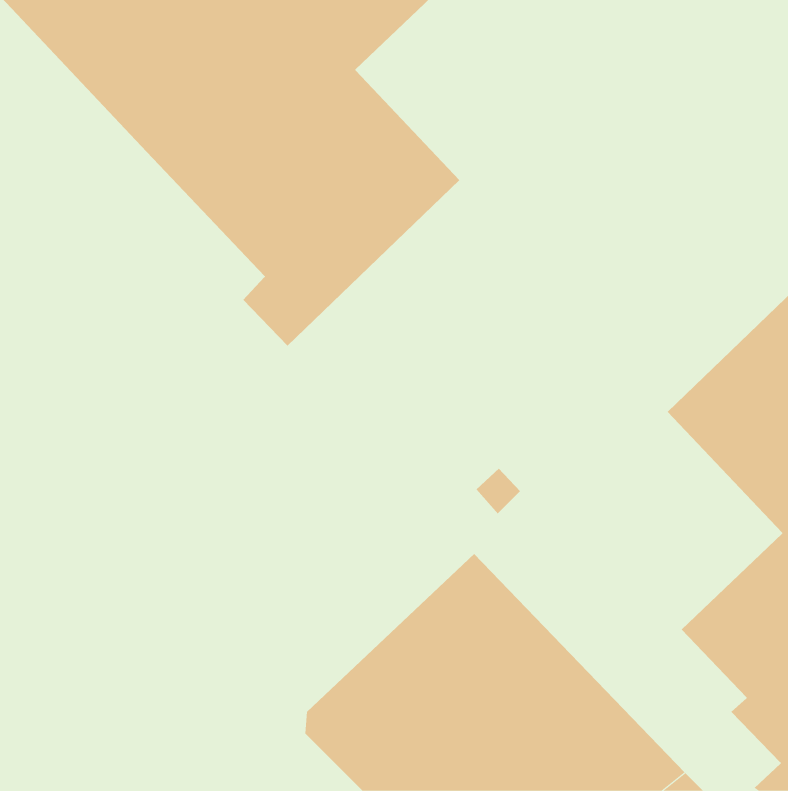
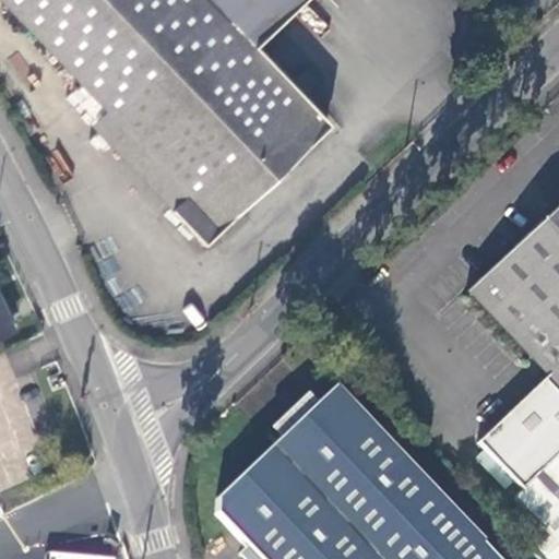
building: none -> [94,107,190,211]

